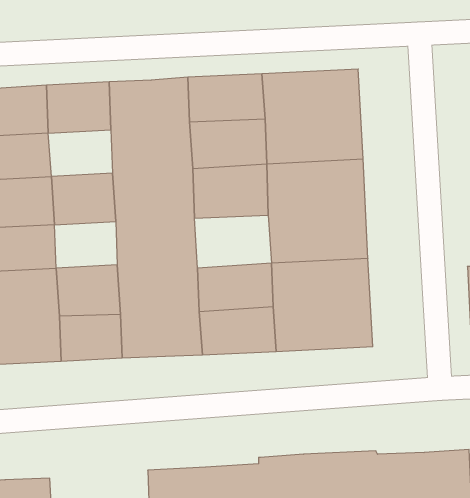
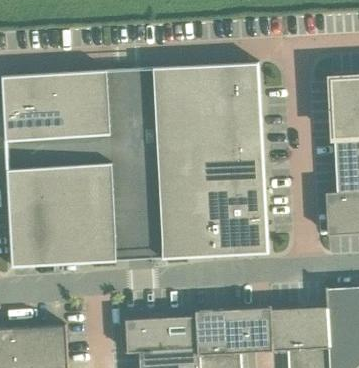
building: none -> [64,107,104,136]
building: none -> [155,160,204,194]
building: none -> [68,164,107,194]

